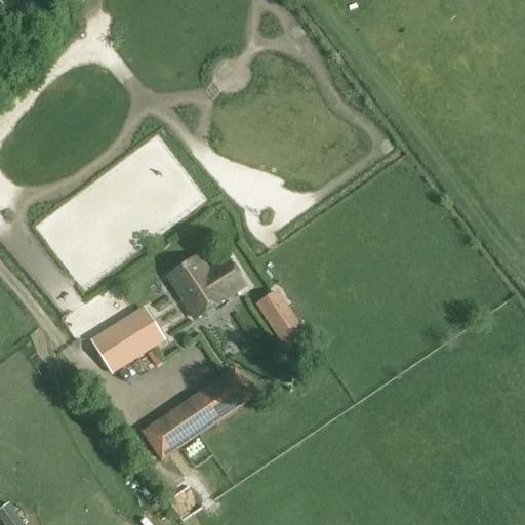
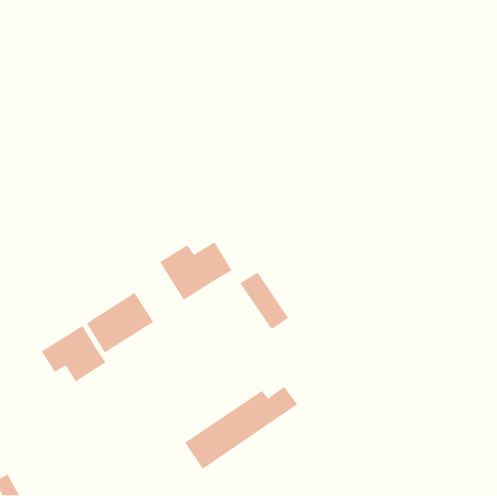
building: none -> [41,325,106,382]
building: [142,371,261,459] -> [184,386,298,470]

